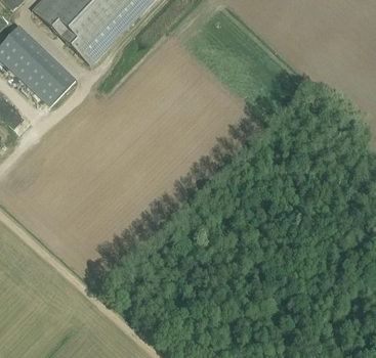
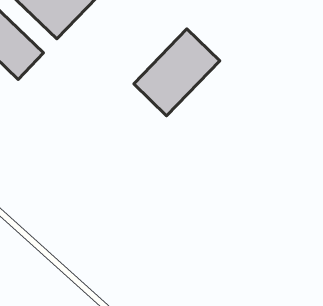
building: none -> [134,29,220,116]

